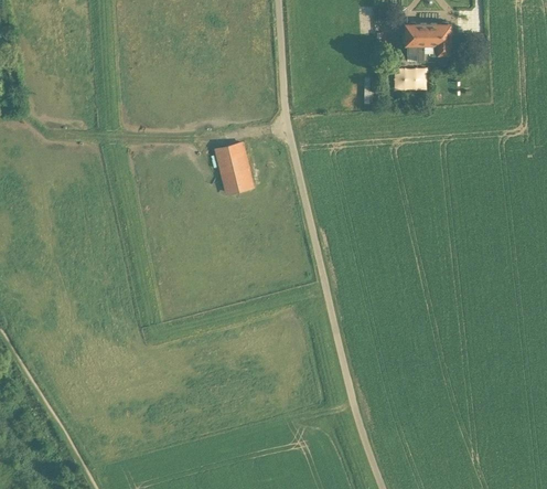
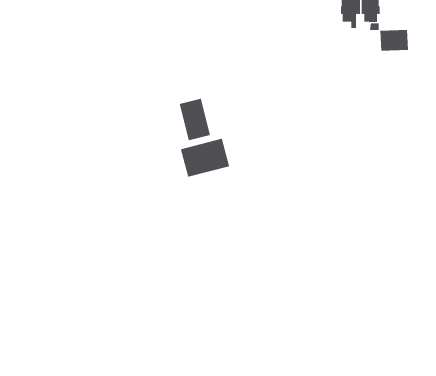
building: [394,66,428,92] -> [380,30,409,51]
building: none -> [180,138,230,178]

